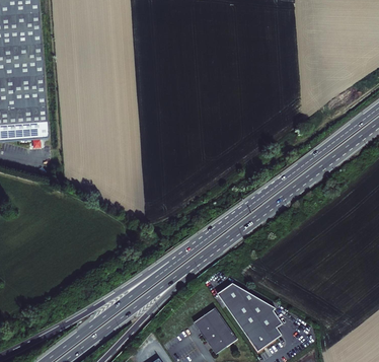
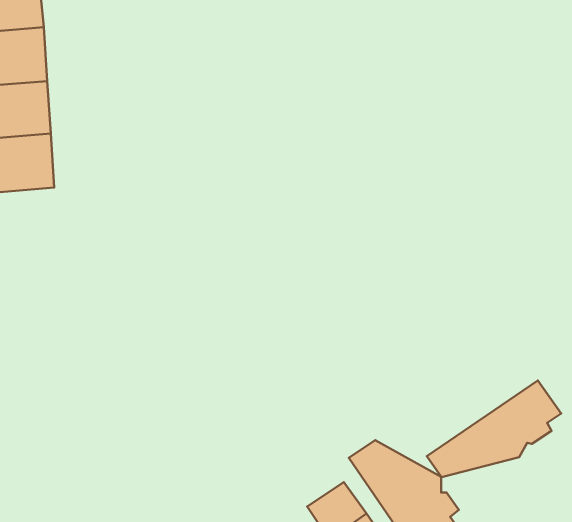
building: none -> [427,380,561,477]

